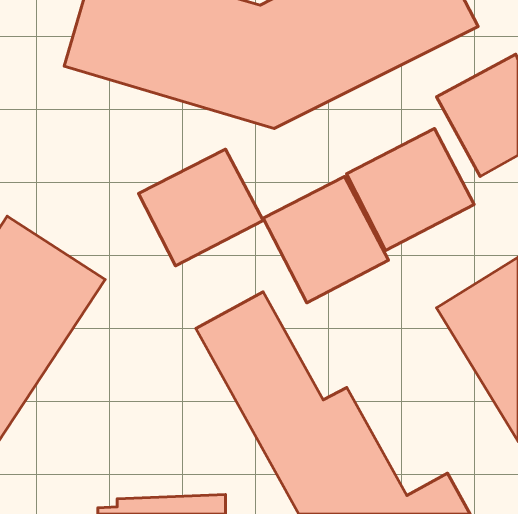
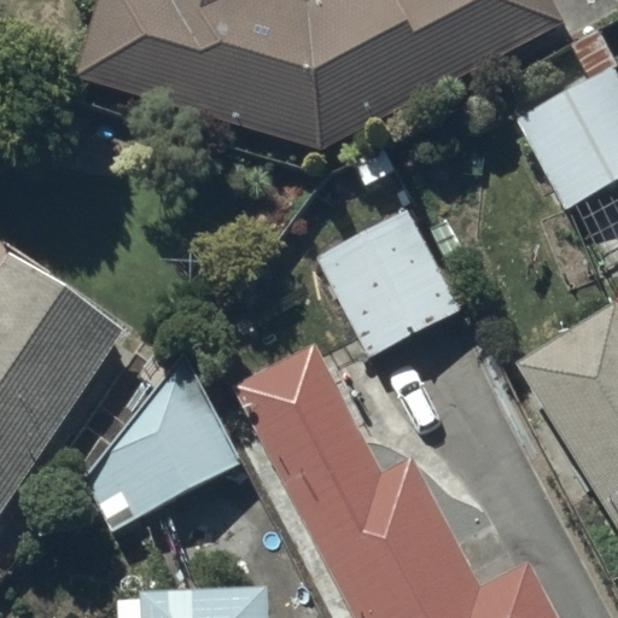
building: [346,129,474,250] -> none
building: [139,149,263,266] -> none
building: none -> [84,346,247,530]

